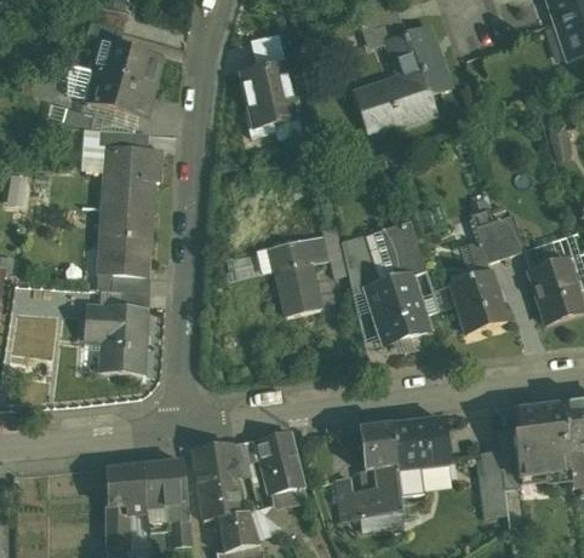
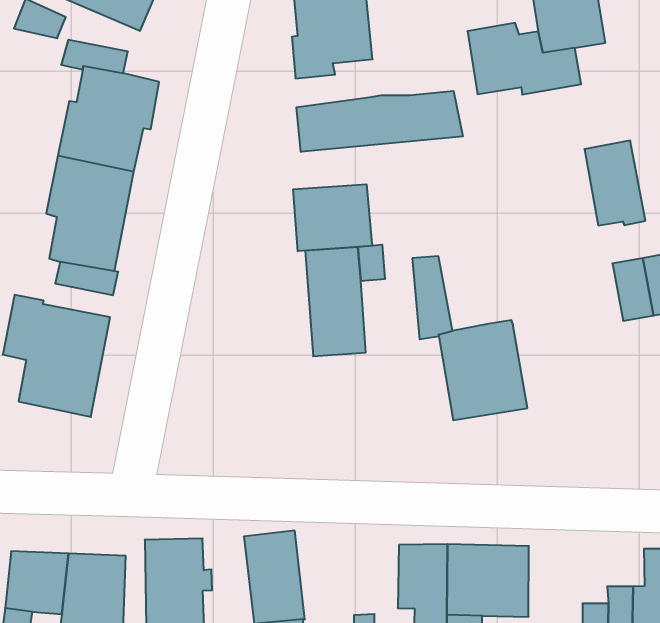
building: none -> [296,91,463,152]
building: none -> [293,184,373,251]
building: [380,219,426,277] -> [584,141,645,225]
building: [452,268,508,332] -> none

